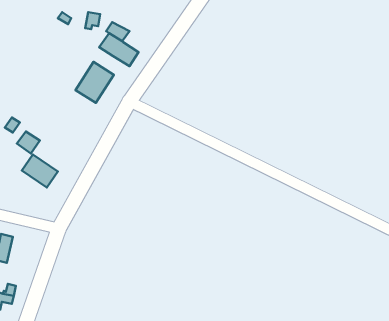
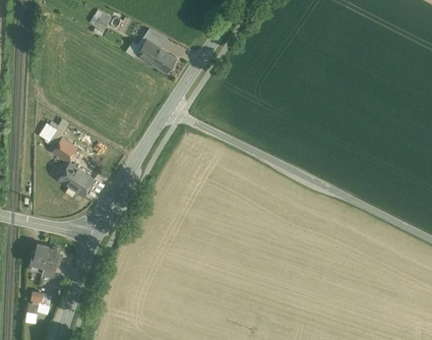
building: [76,62,114,103] -> none
building: none -> [42,245,62,277]

